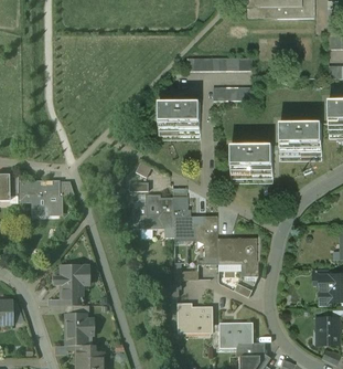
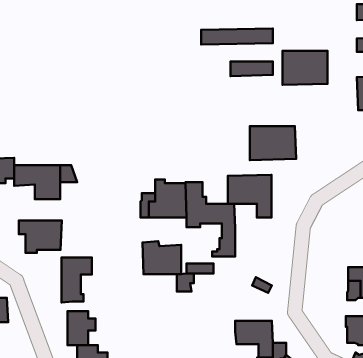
building: [158,102,200,134] -> none
building: [280,124,321,155] -> [283,51,328,85]
building: none -> [19,220,62,253]
building: [217,238,257,276] -> [228,175,272,217]
building: [175,303,211,333] -> [142,241,181,274]

